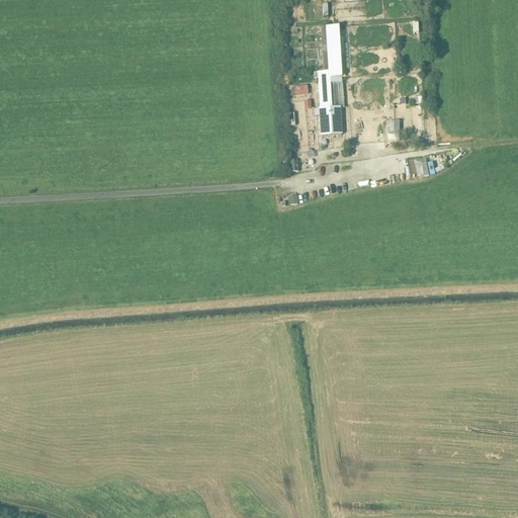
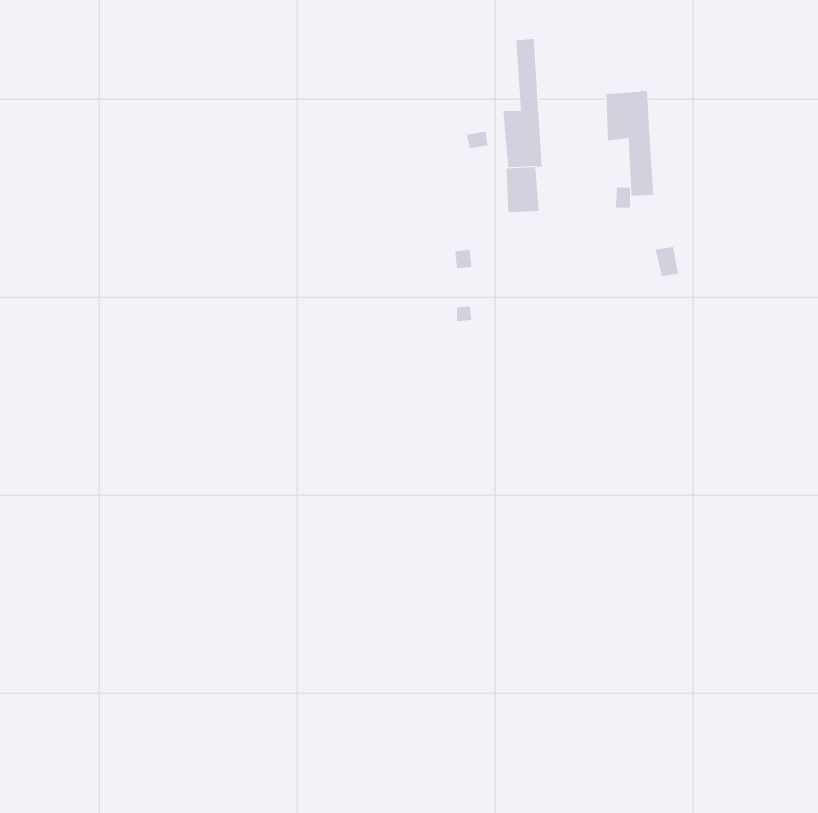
building: none -> [606,90,654,197]

